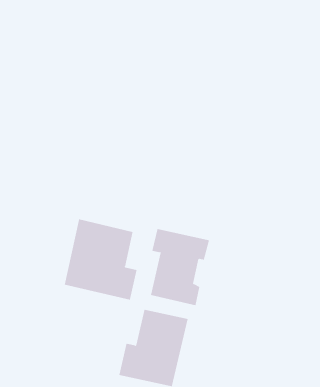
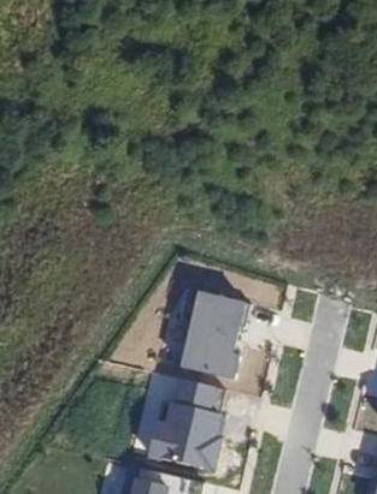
building: [64,219,137,301] -> none

